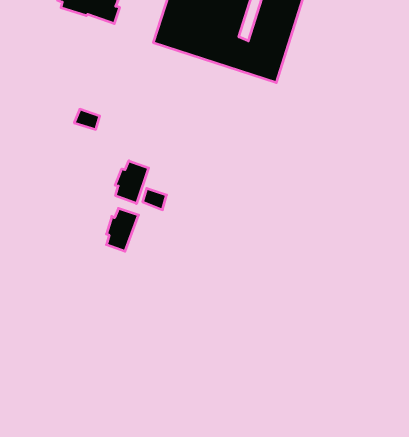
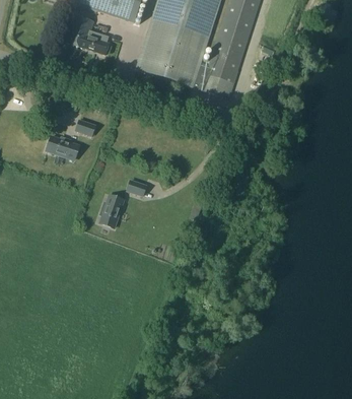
building: none -> [48,134,79,158]
building: [115,161,149,204] -> none

